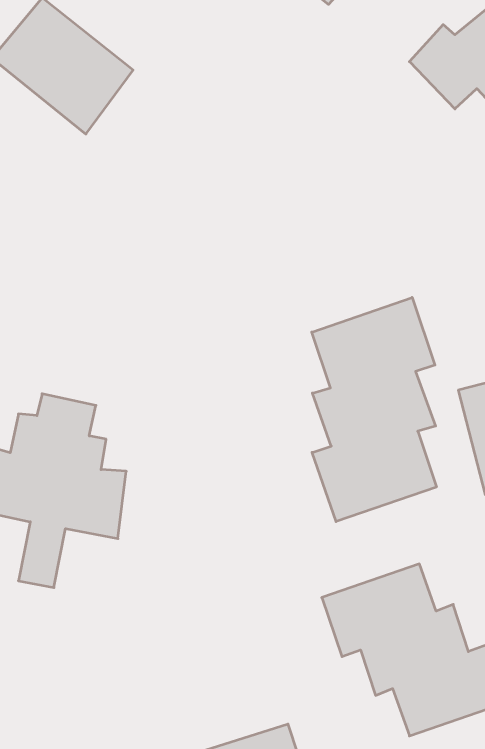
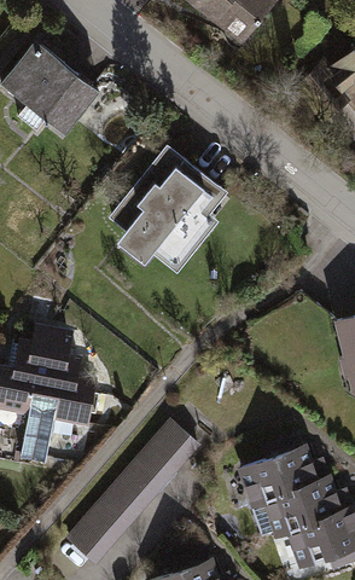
building: none -> [109,144,228,275]
building: [312,297,436,522] -> none
building: none -> [68,418,200,567]

